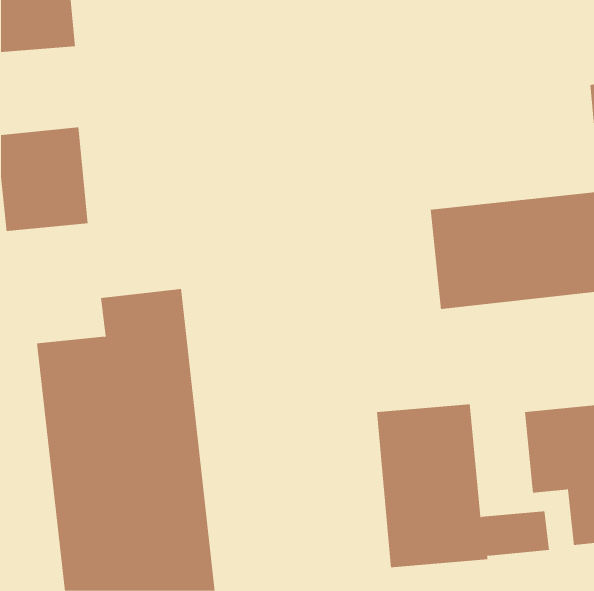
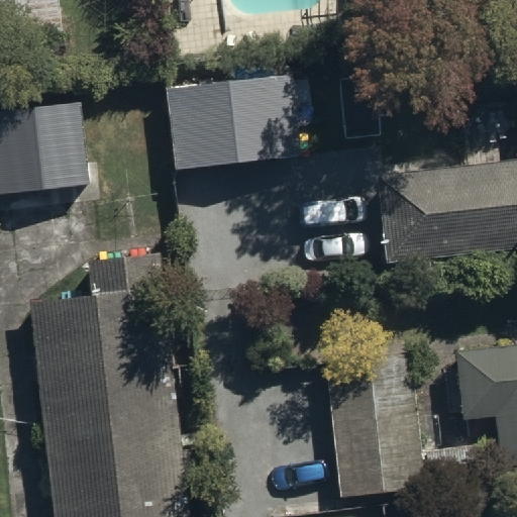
building: none -> [164,73,297,168]

